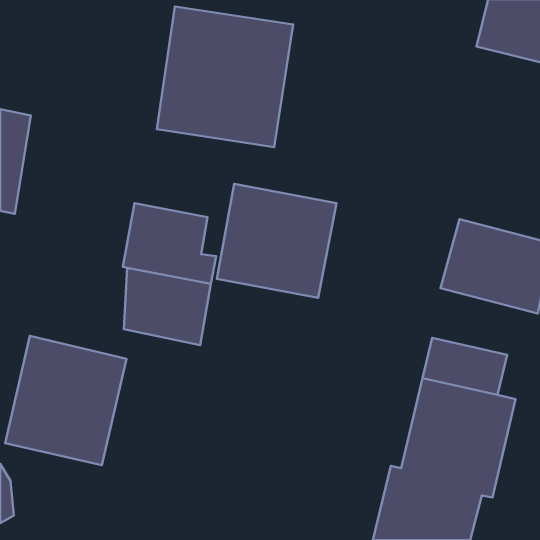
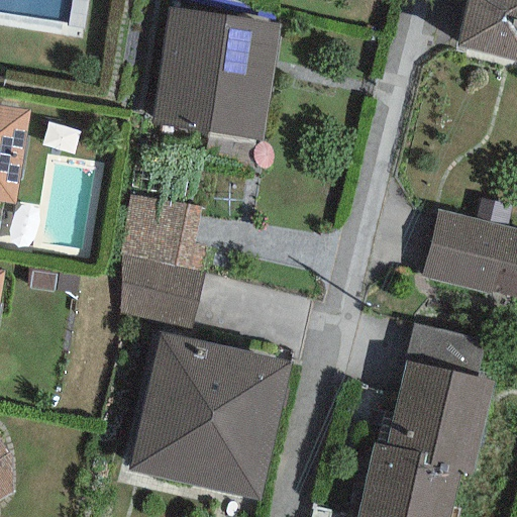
building: [217,184,337,298] -> none
building: [5,336,127,465] -> none
building: none -> [129,333,292,501]

